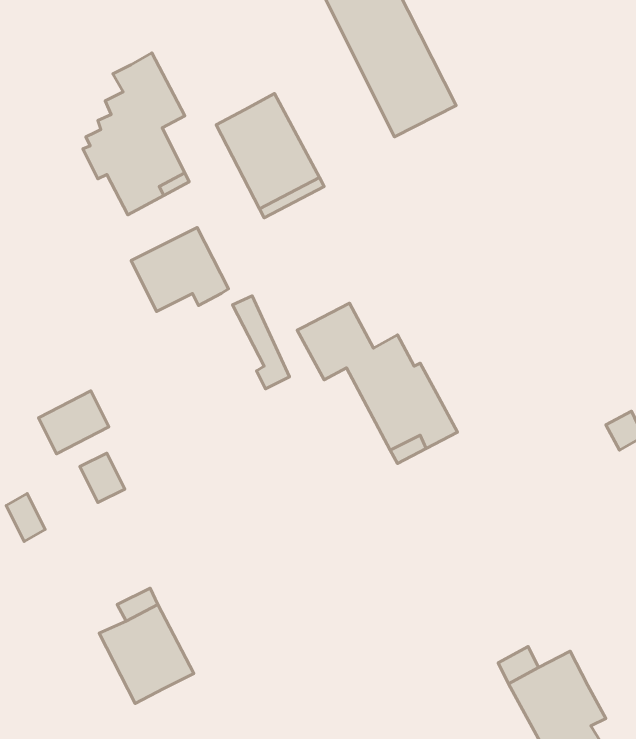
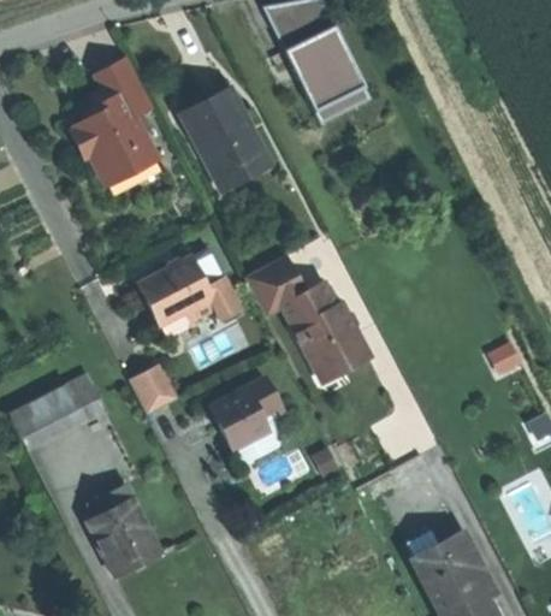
building: [131,227,229,311] -> [140,257,218,325]
building: [38,391,109,454] -> [28,387,84,438]
building: none -> [130,365,178,414]
building: none -> [212,378,282,450]

